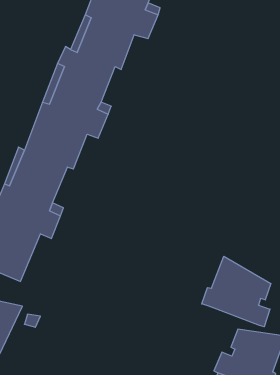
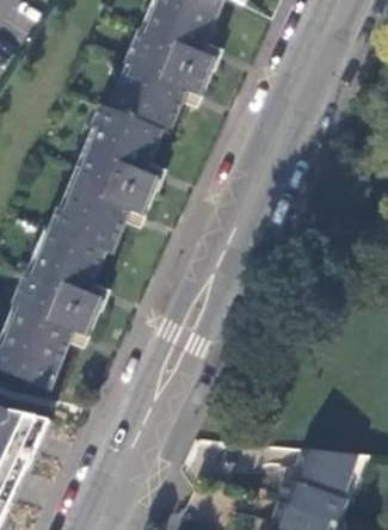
building: [202,256,271,327] -> none

